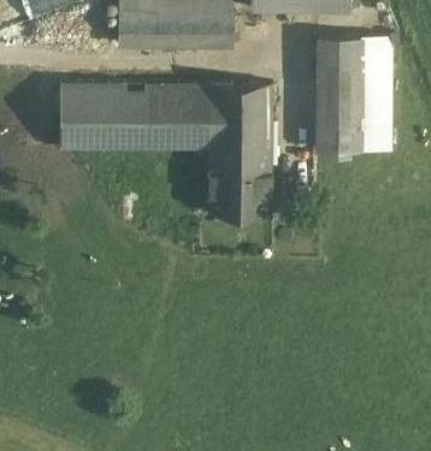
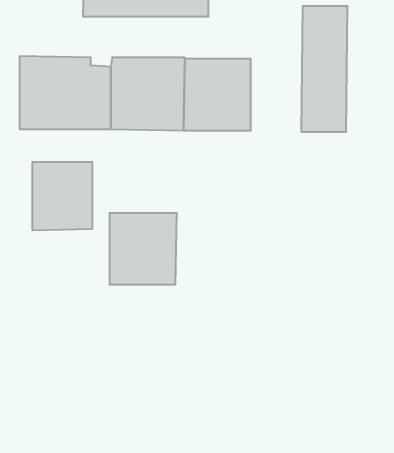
building: [358,36,392,152] -> none
building: [209,149,271,214] -> [109,213,177,284]
building: none -> [32,162,92,230]

